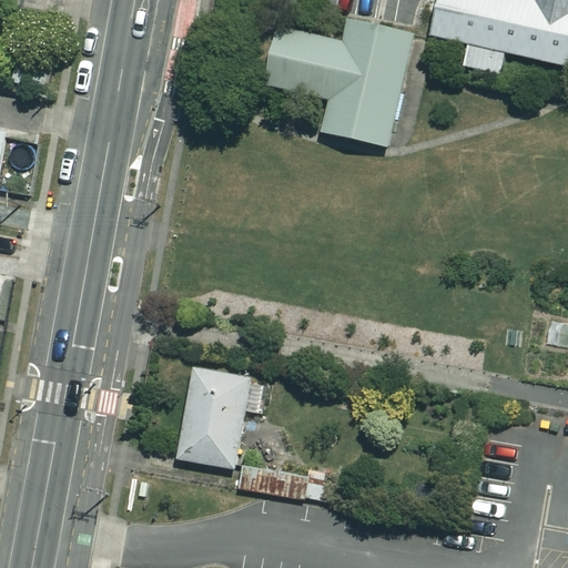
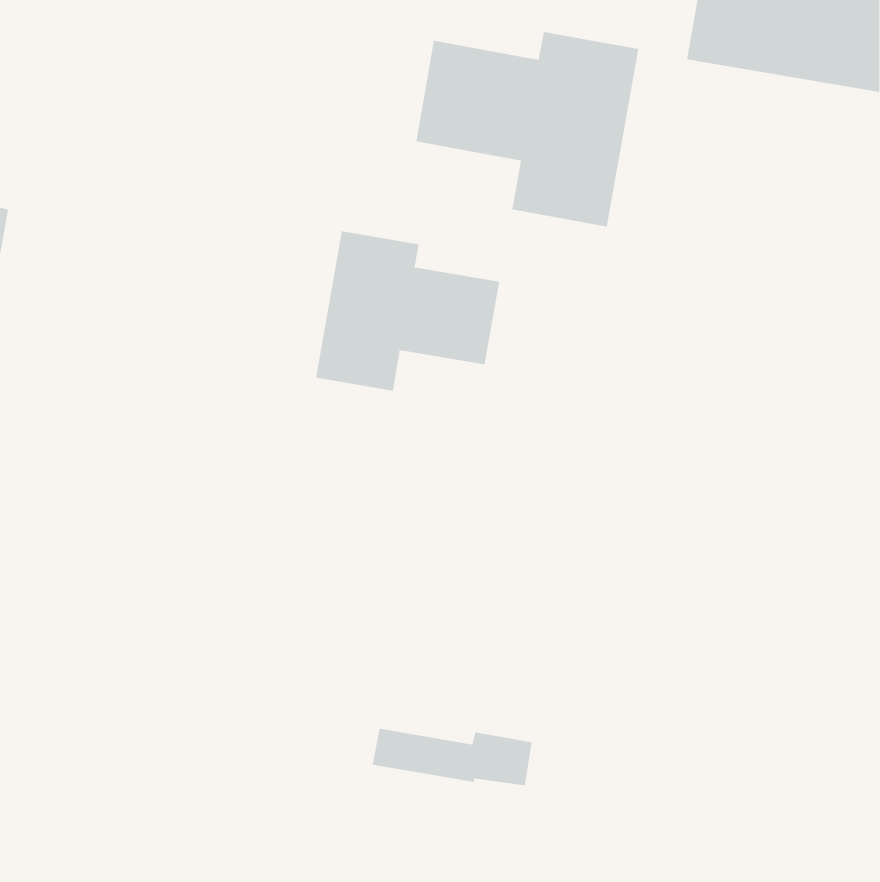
building: none -> [315,230,500,391]
building: [176,367,251,469] -> none

